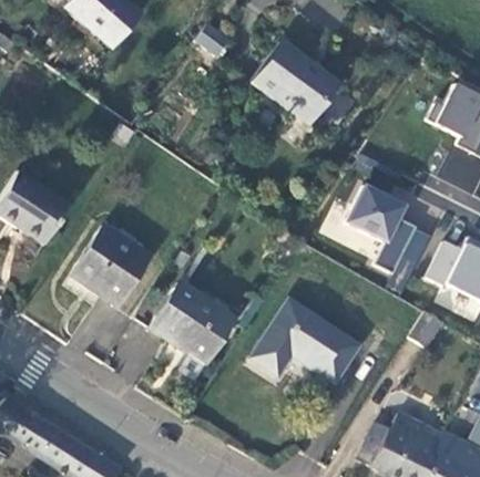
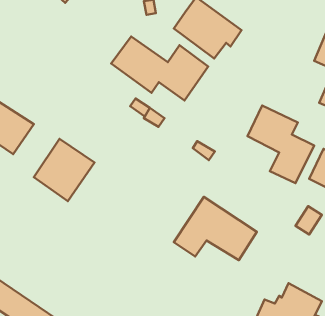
building: none -> [111,36,208,100]
building: [149,281,234,380] -> none

